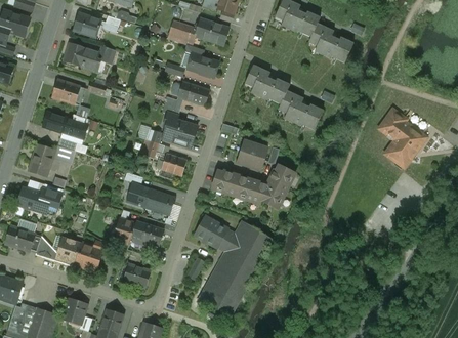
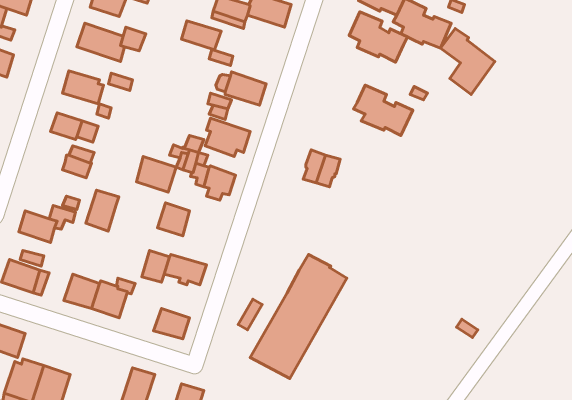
building: [188,53,218,76] -> [181,21,221,50]
building: [244,65,289,103] -> [349,12,407,62]
building: [380,113,422,164] -> [441,28,495,94]
building: [28,144,53,176] -> [86,190,119,231]
building: [211,165,294,208] -> none
building: [144,187,175,215] -> [136,157,176,192]
building: [195,217,235,251] -> none
building: [63,298,86,324] -> none

